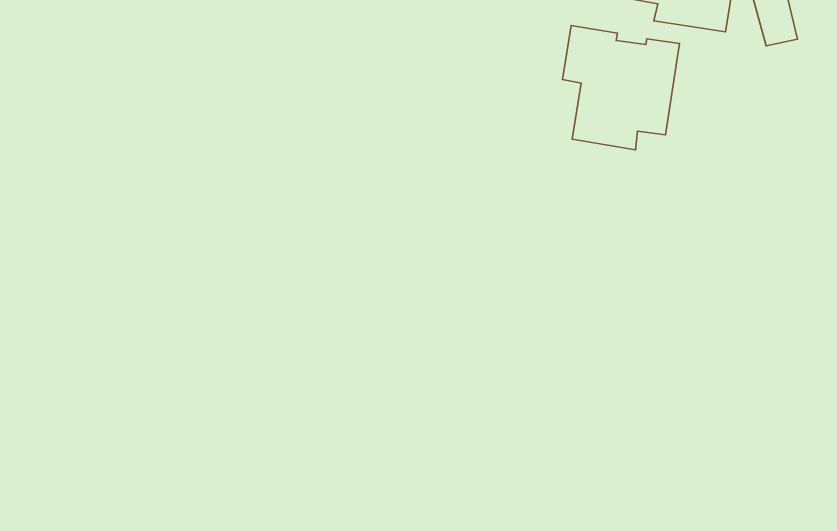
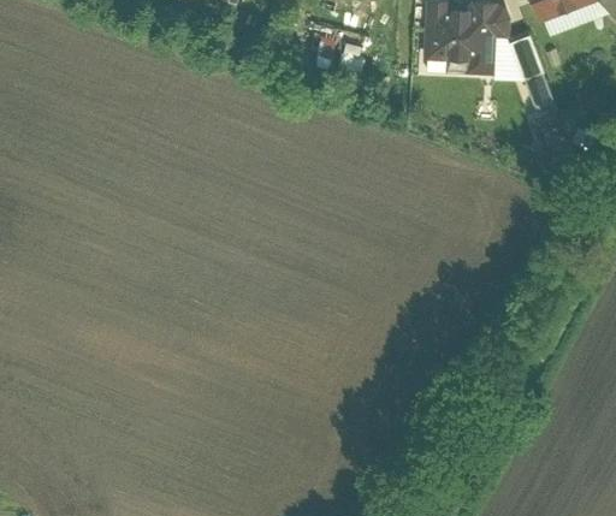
building: [563,26,679,150] -> none

